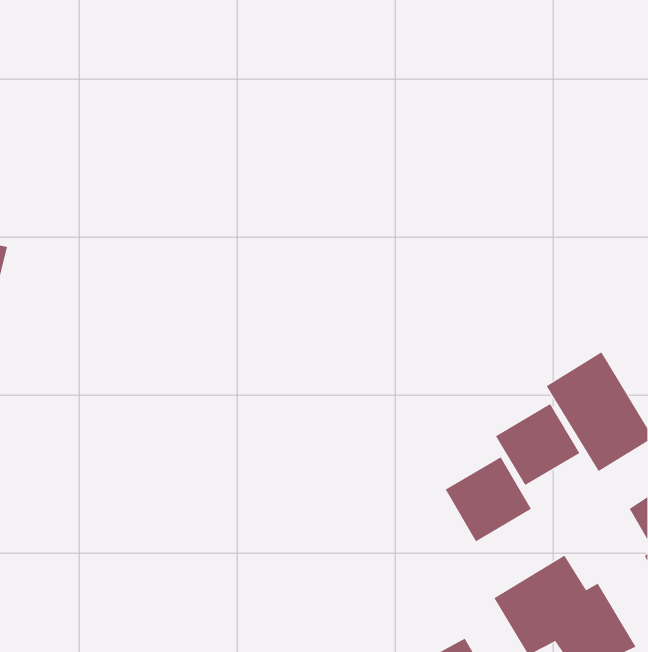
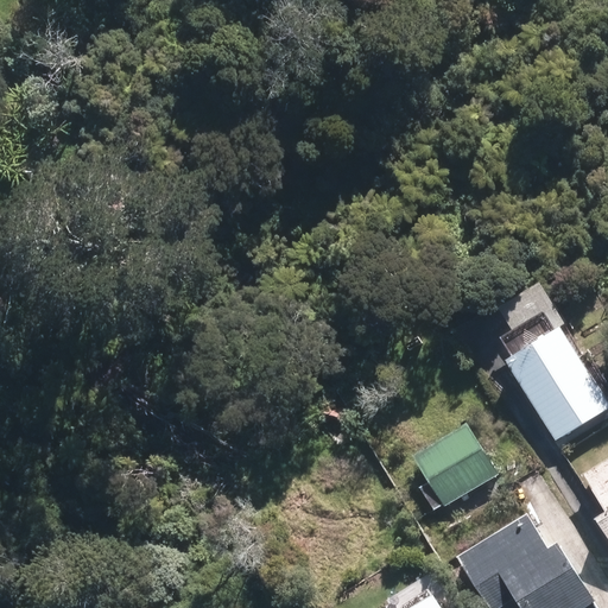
building: [495,403,580,486] -> none

